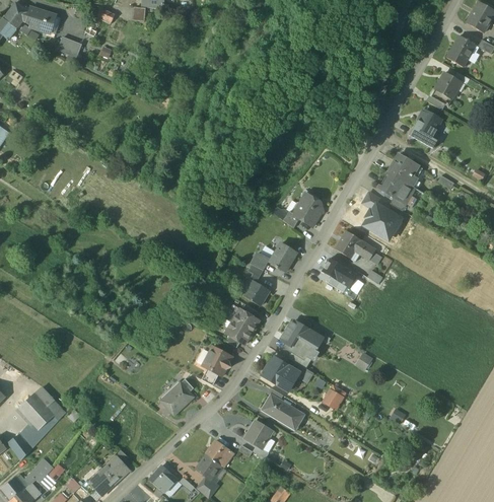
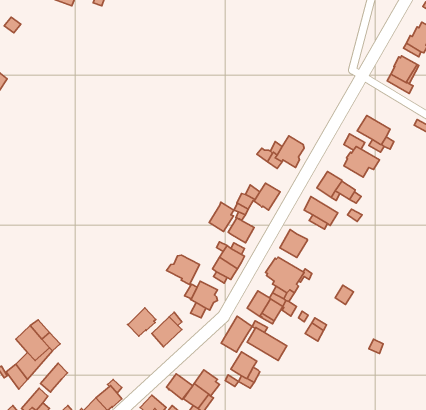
building: [387,154,427,189] -> none
building: none -> [209,202,234,232]
building: none -> [280,229,307,257]
building: none -> [167,255,199,284]
building: none -> [128,308,156,336]
building: none -> [221,316,252,352]
building: none -> [40,363,68,392]
building: none -> [166,374,193,399]

